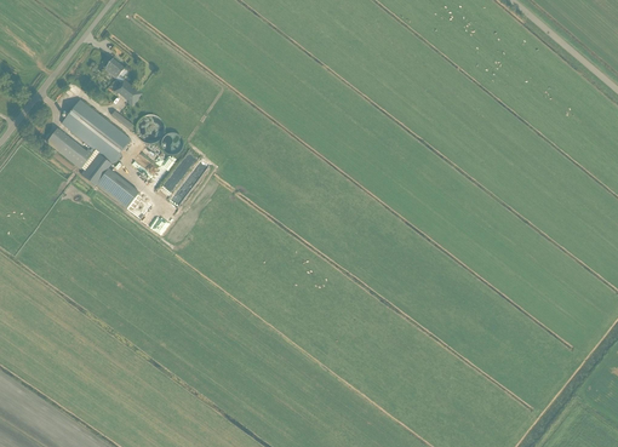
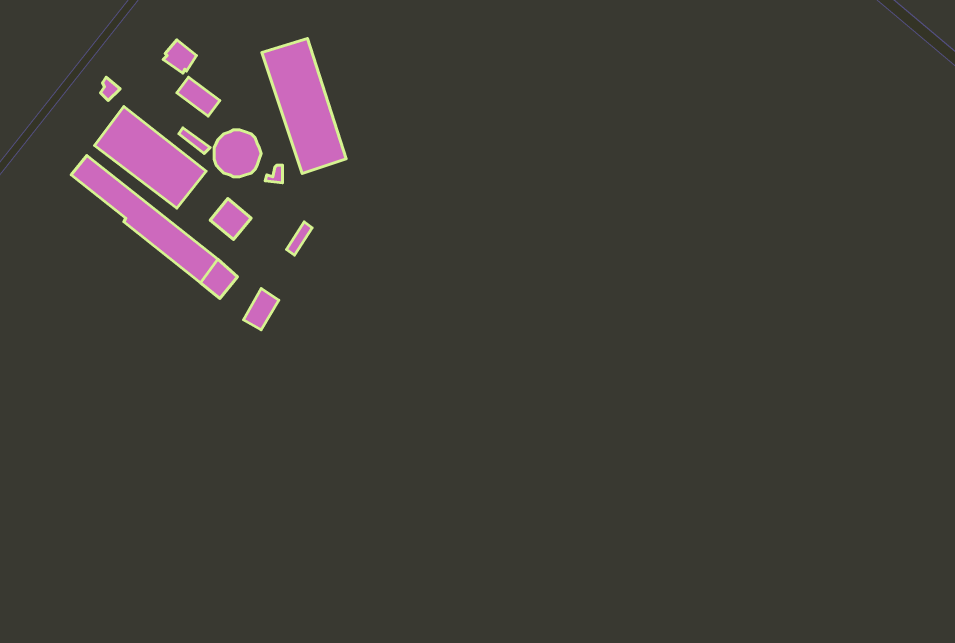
building: none -> [262,39,346,174]

